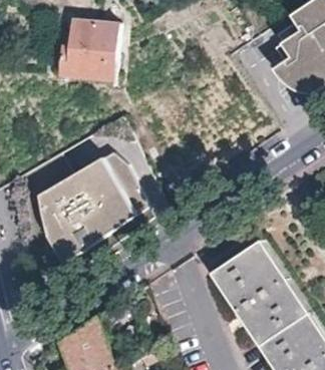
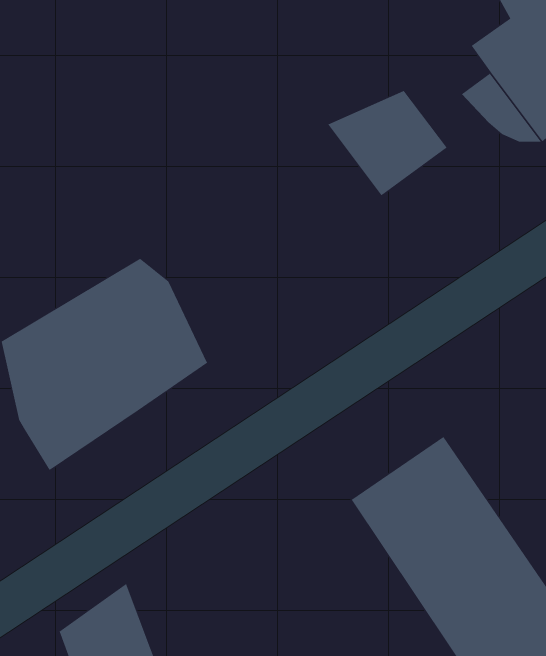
building: [61,19,121,80] -> none
building: none -> [327,90,448,196]

